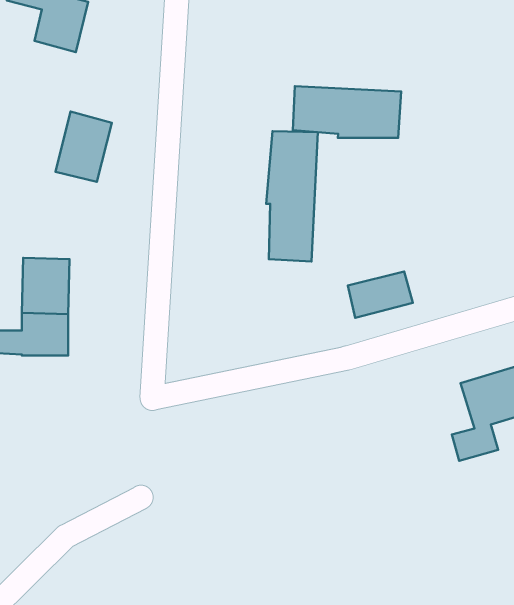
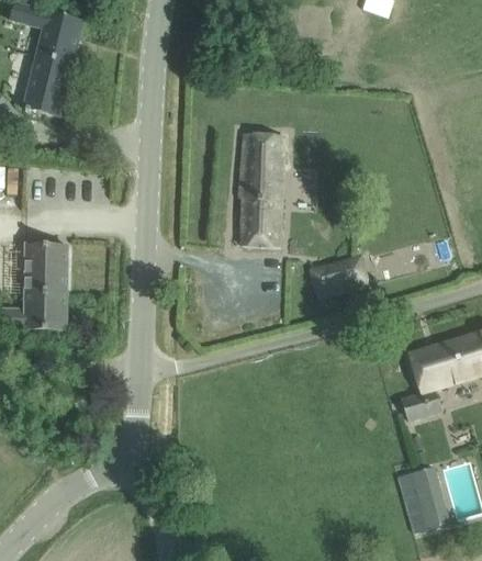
building: [293,86,401,138] -> none
building: [56,112,112,182] -> [22,54,71,115]
building: none -> [406,464,448,528]

